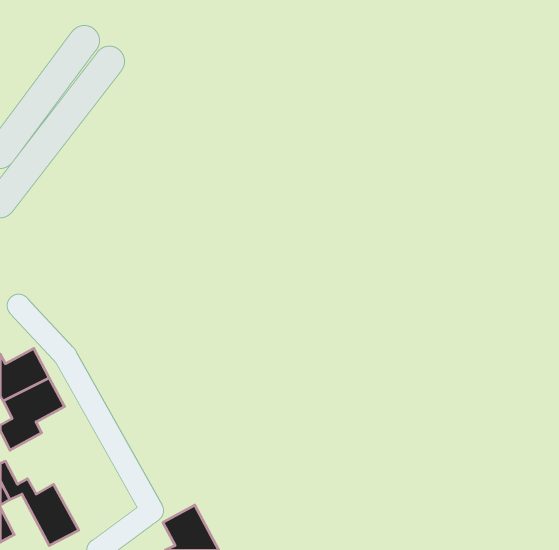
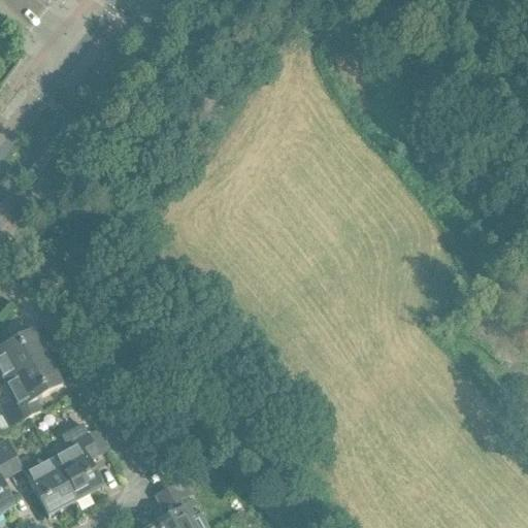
building: none -> [51,422,101,499]

